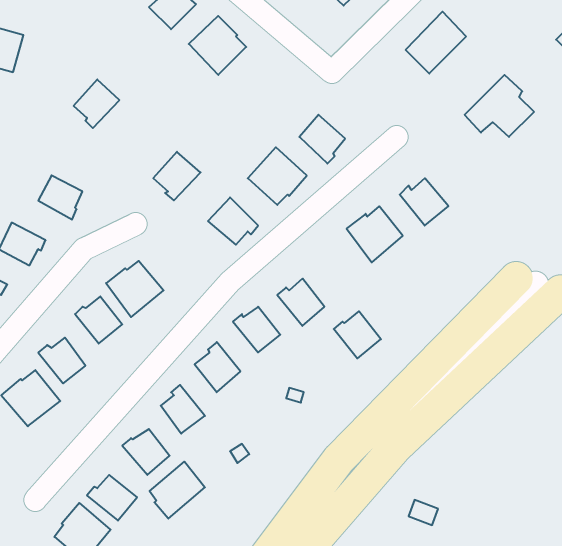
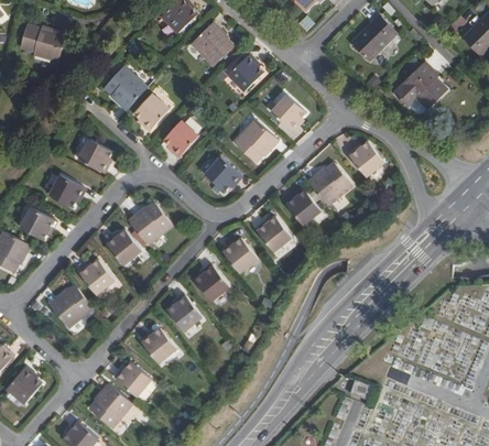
building: none -> [228,53,263,90]
building: none -> [133,94,167,131]
building: [334,311,381,358] -> [285,188,320,224]
building: [150,462,205,519] -> none

